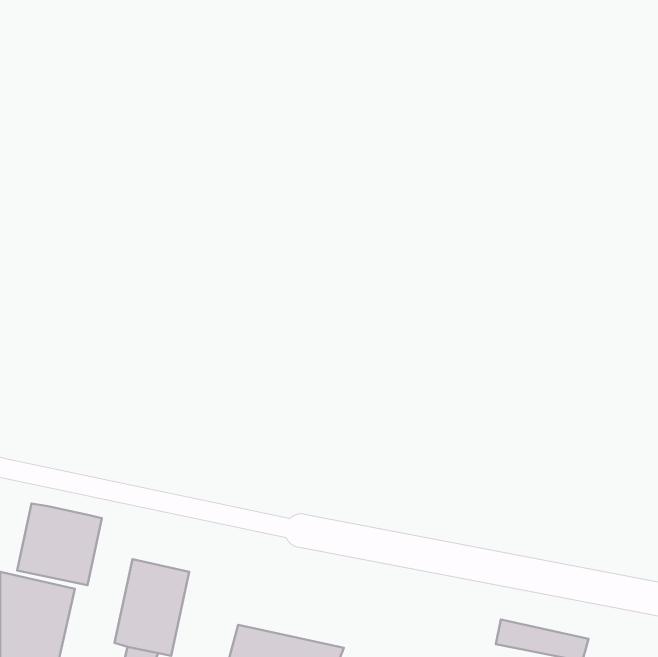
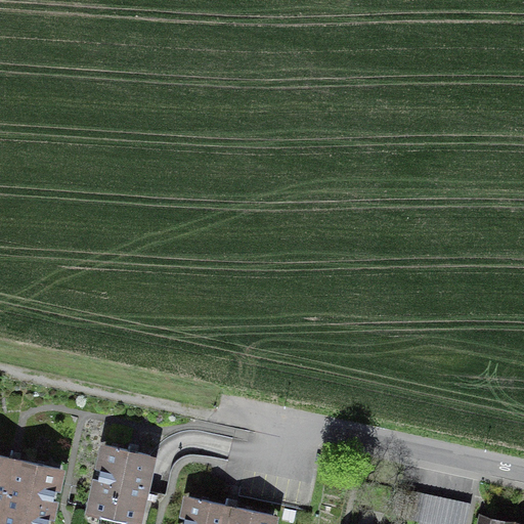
building: [17,504,102,585] -> none

